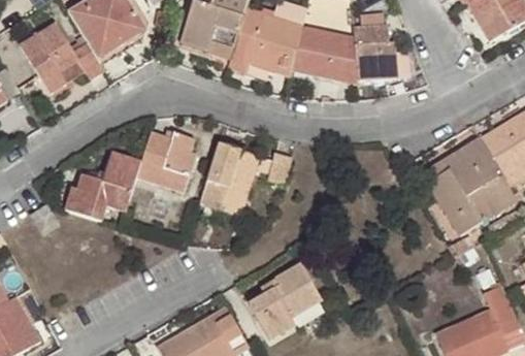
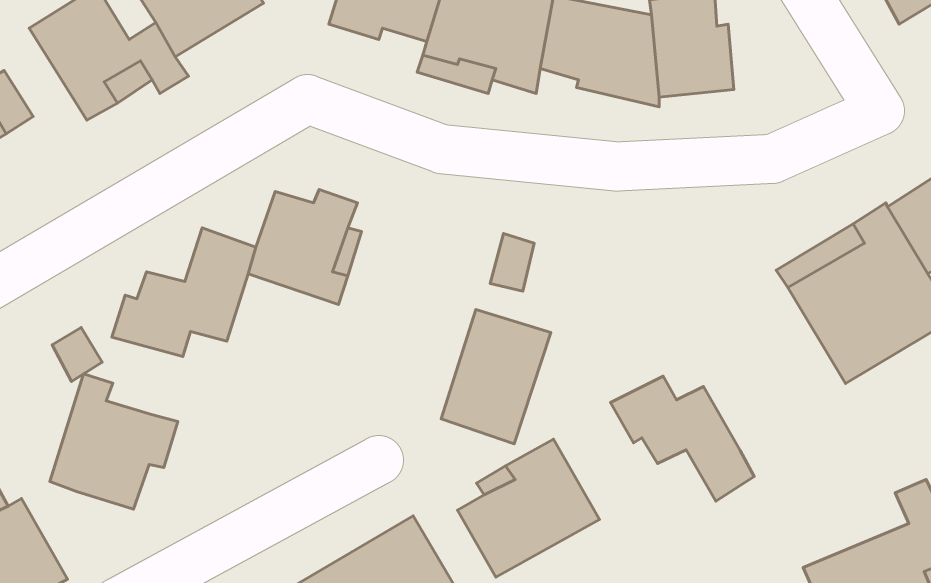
building: [200,143,259,216] -> [441,310,551,444]
building: none -> [50,374,178,509]
building: none -> [610,376,754,501]

